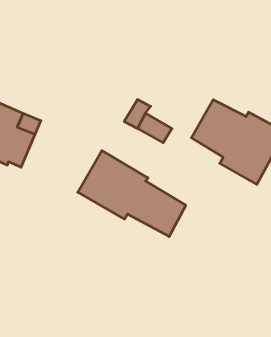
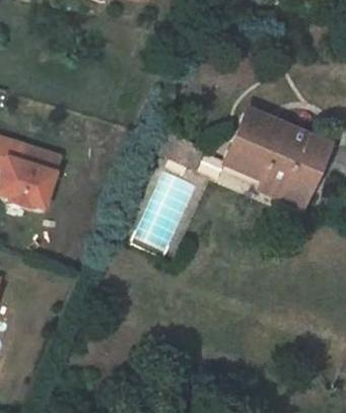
building: [78,151,186,237] -> none

